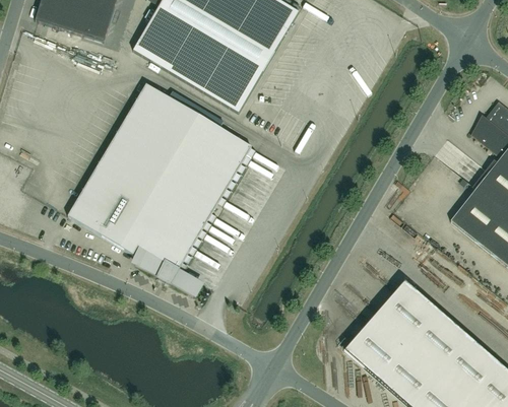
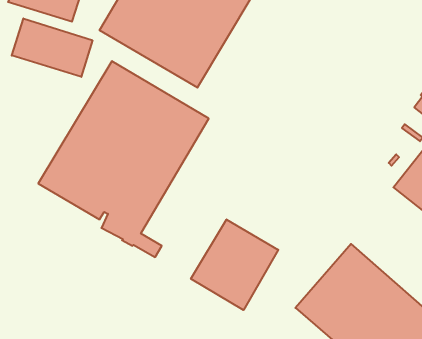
building: none -> [12,18,92,77]
building: none -> [191,219,278,310]

